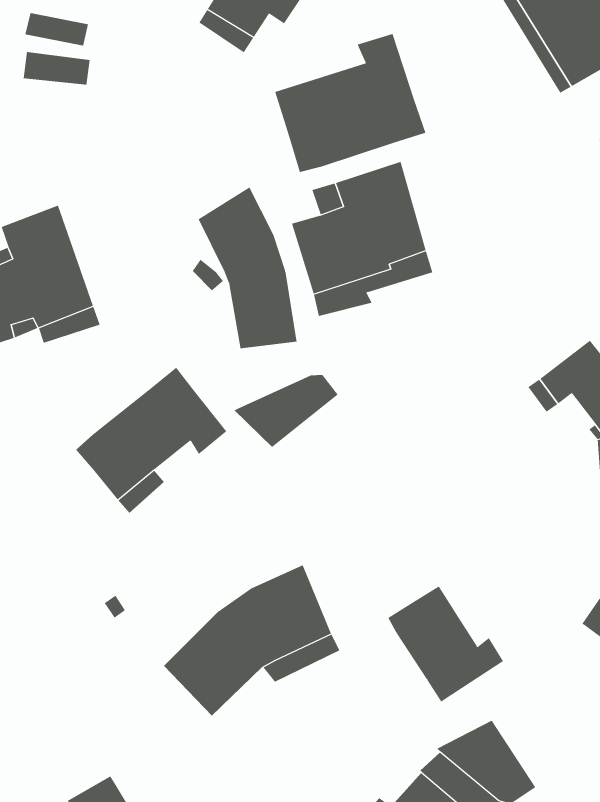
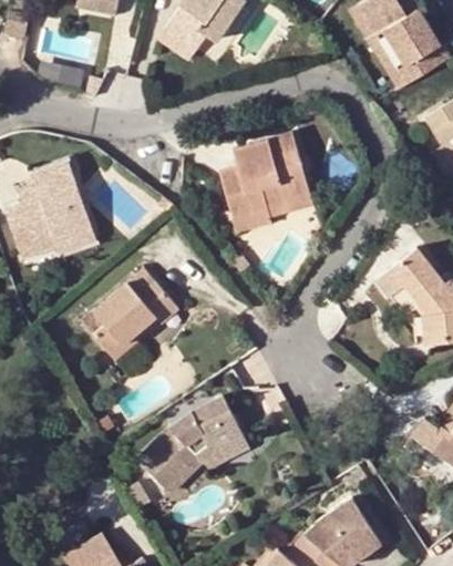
building: [274,33,426,173] -> none
building: [198,186,297,349] -> none
building: [234,374,338,448] -> none
building: [387,585,504,703] -> none

